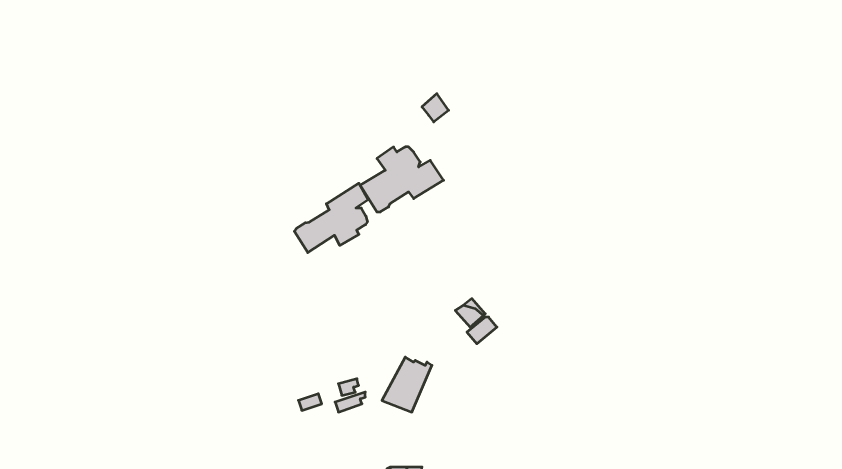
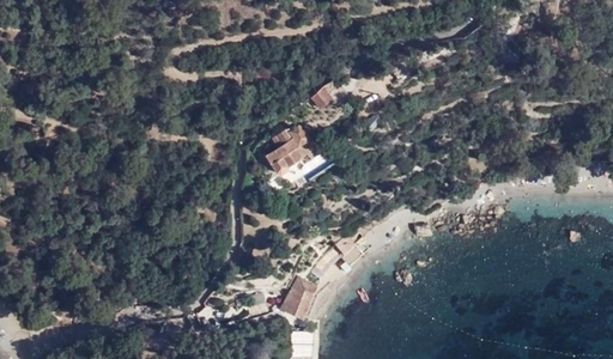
building: [294,183,368,253] -> none

